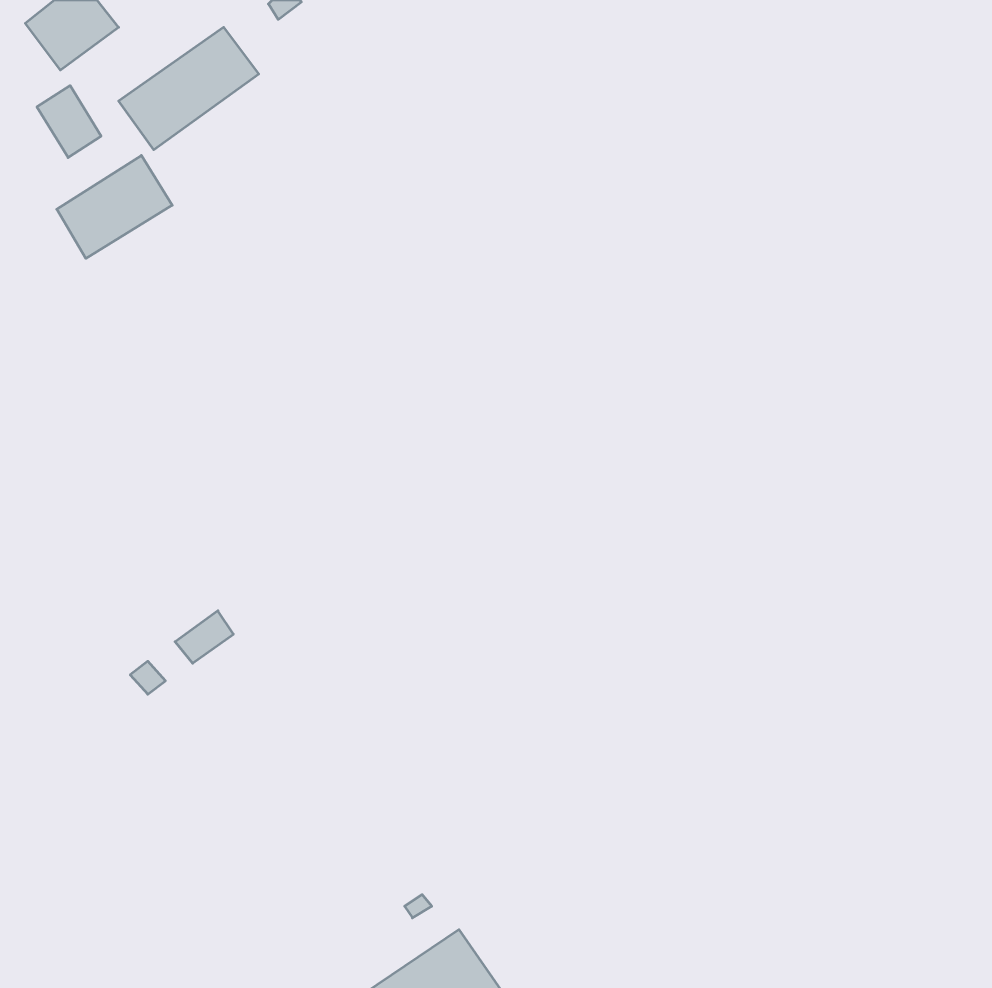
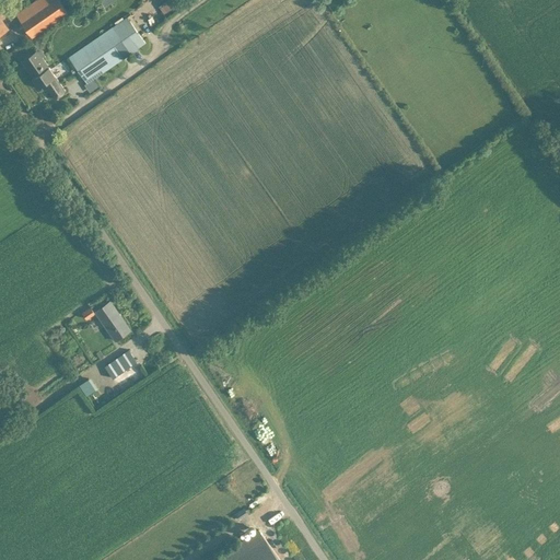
building: [57,155,172,258] -> none
building: none -> [93,302,130,342]

